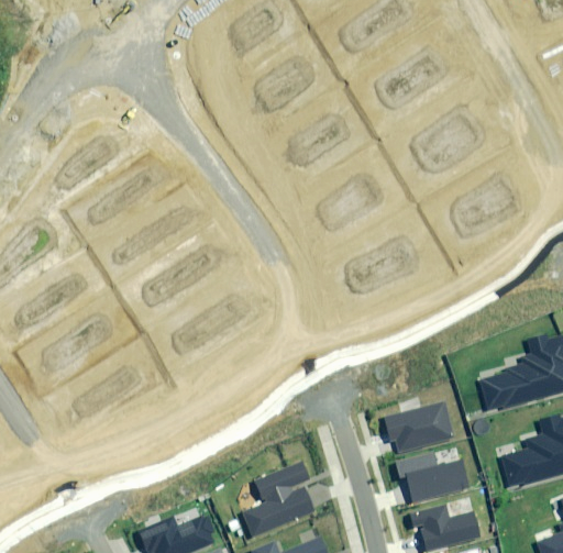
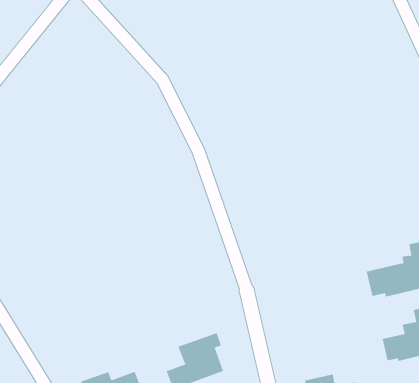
building: [385,402,454,452] -> none
building: [397,452,470,501] -> none

